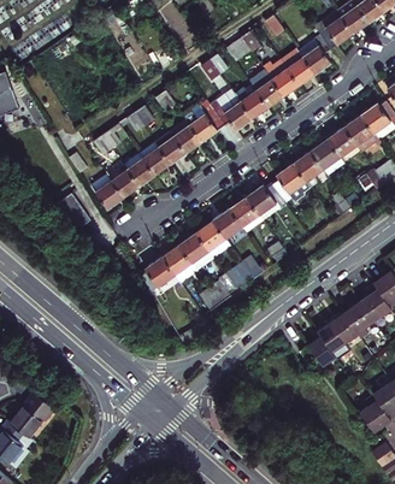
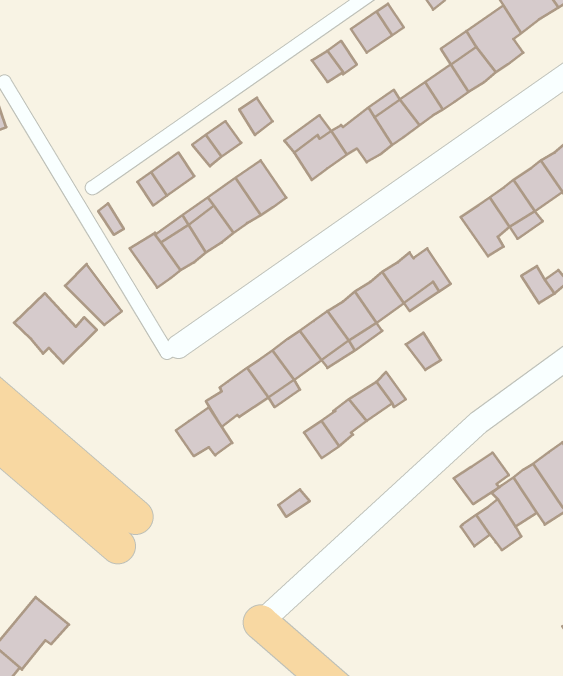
building: [173,114,205,148] -> none
building: [276,160,313,201] -> none
building: none -> [14,293,97,363]
building: none -> [176,407,232,456]
building: none -> [454,453,509,504]

